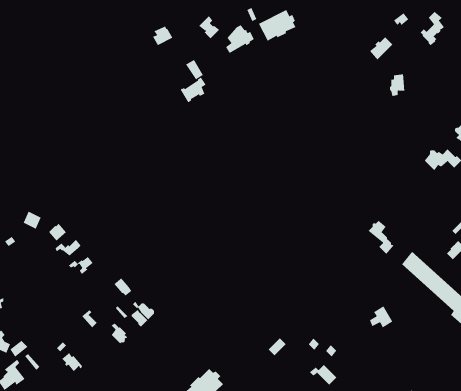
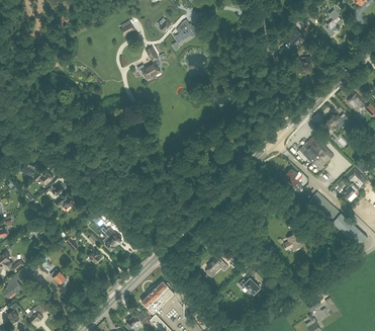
building: [258,9,296,42] -> none
building: none -> [294,134,334,170]

